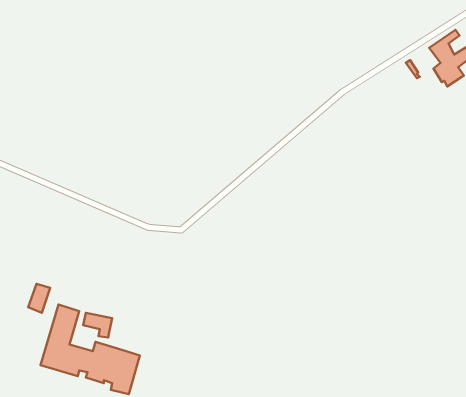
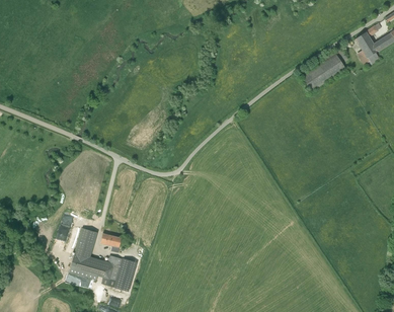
building: none -> [301,50,344,90]

